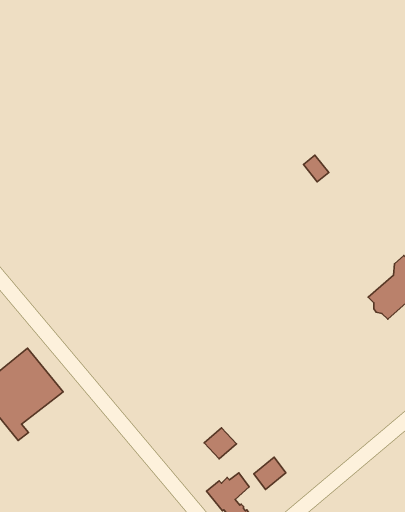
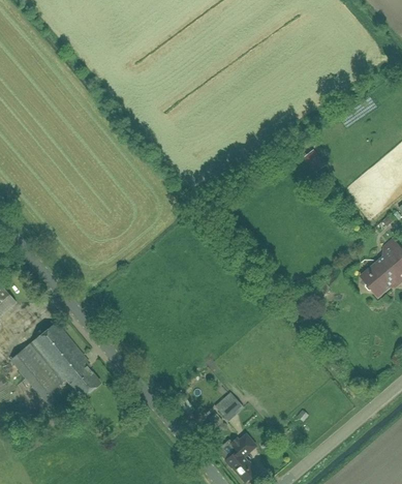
building: none -> [65,364,99,398]
building: [254,457,286,489] -> none

